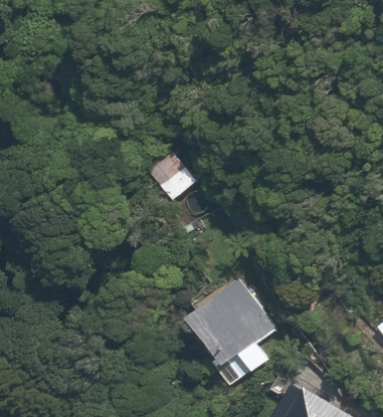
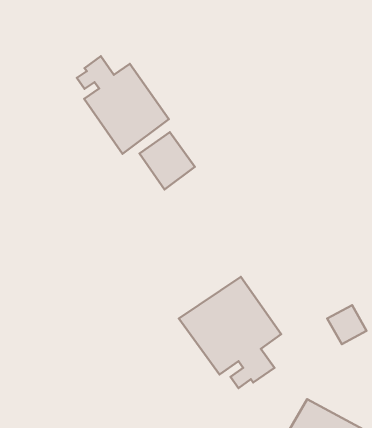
building: none -> [77,56,169,154]

